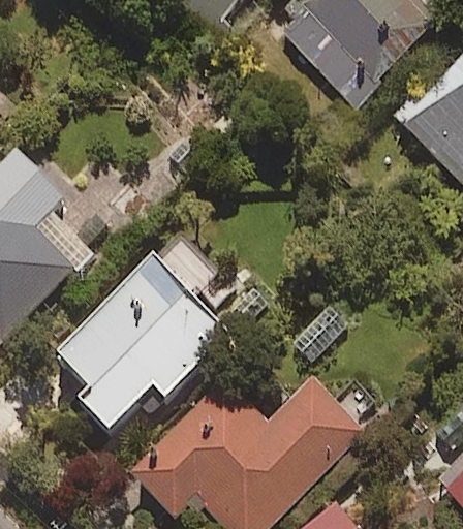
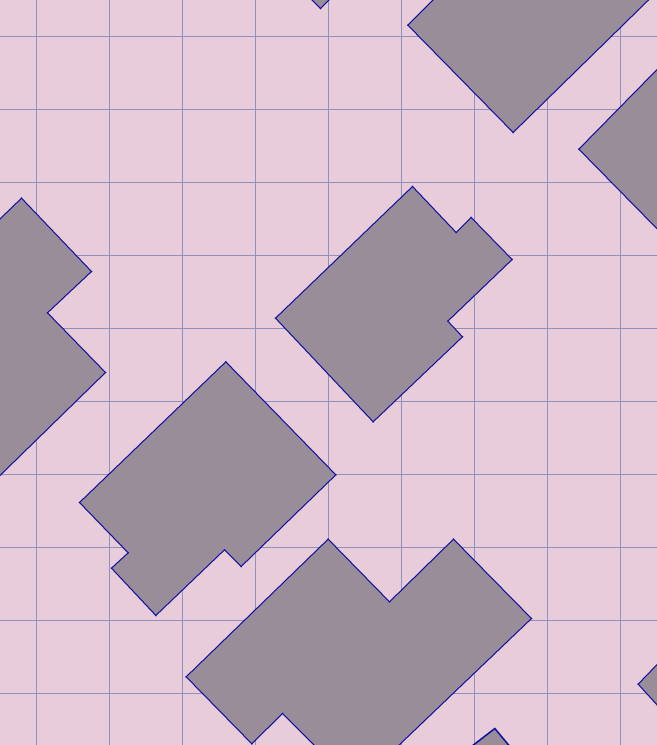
building: none -> [275,187,512,422]

